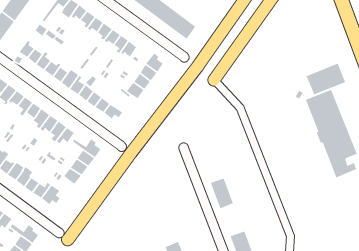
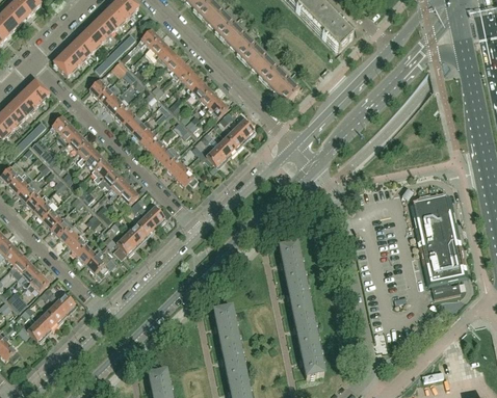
building: [306,63,346,95] -> none
building: none -> [279,241,304,277]
building: none -> [292,307,317,343]
building: none -> [214,306,238,343]

